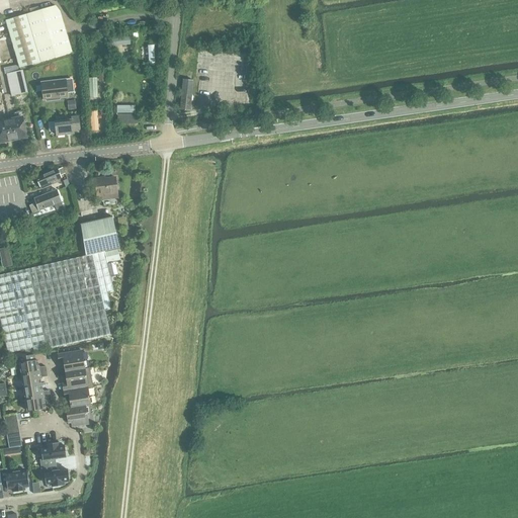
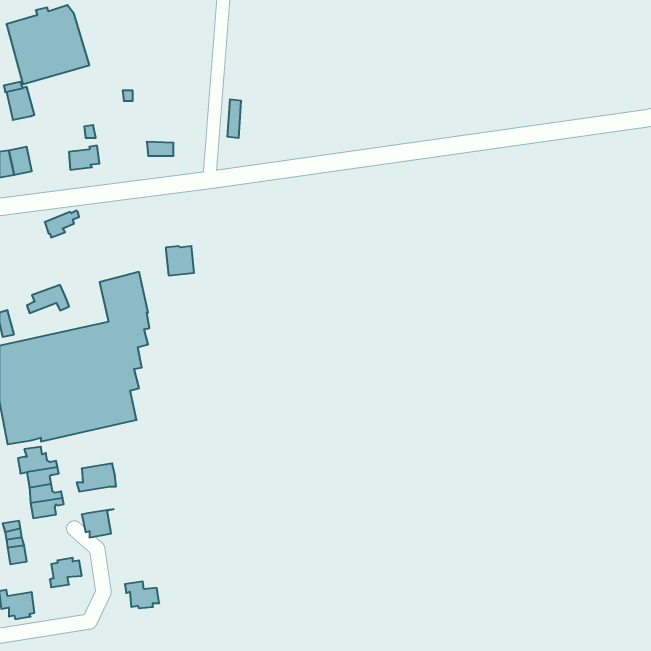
building: [40,78,73,100] -> none
building: [94,176,116,199] -> [166,246,194,275]
building: [29,189,63,211] -> [27,285,69,313]
building: [57,350,84,371] -> none
building: [63,385,90,407] -> none
building: [40,463,68,485] -> [125,581,159,608]

